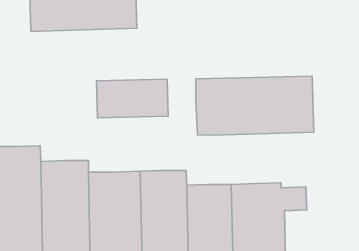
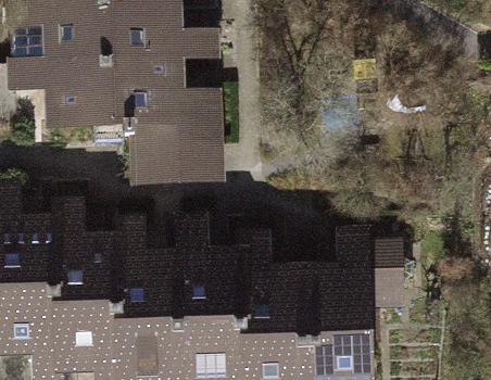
building: none -> [41,58,184,129]
building: [196,76,314,135] -> none

